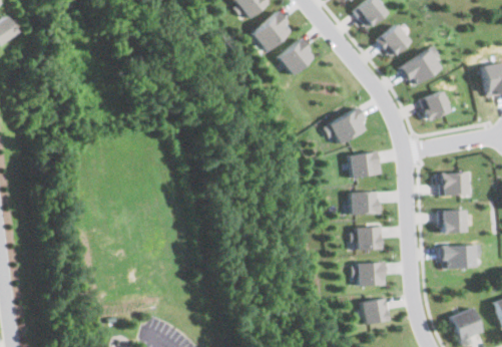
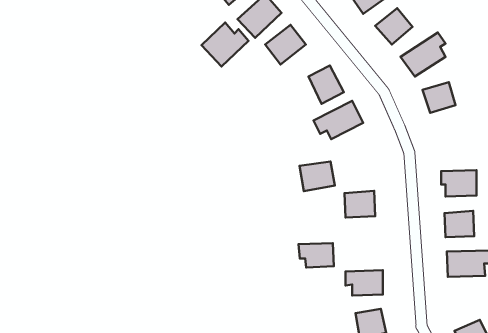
building: none -> [201,23,248,67]
building: none -> [308,66,344,104]
building: [347,151,379,179] -> [300,161,335,191]
building: [349,228,381,250] -> [299,243,334,267]

